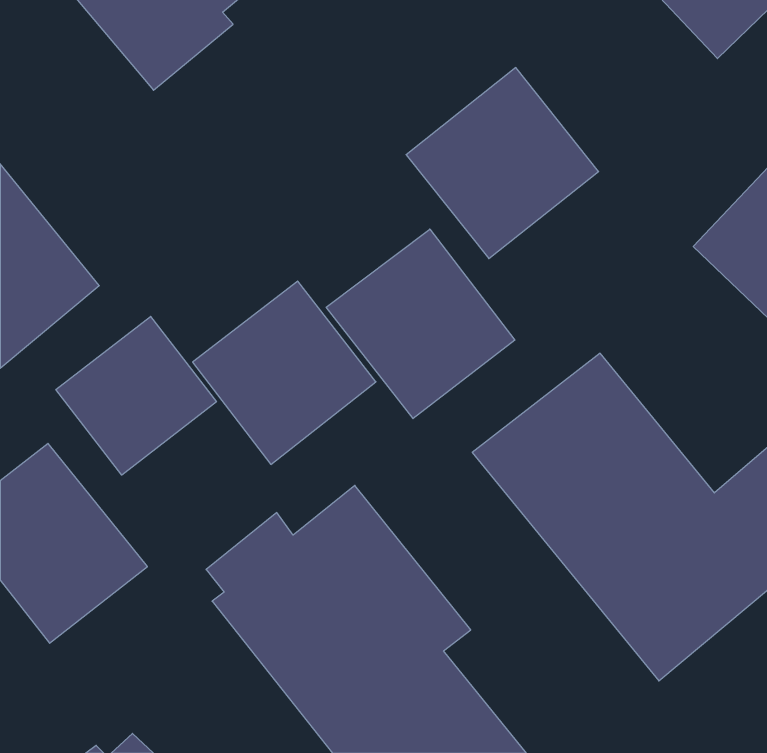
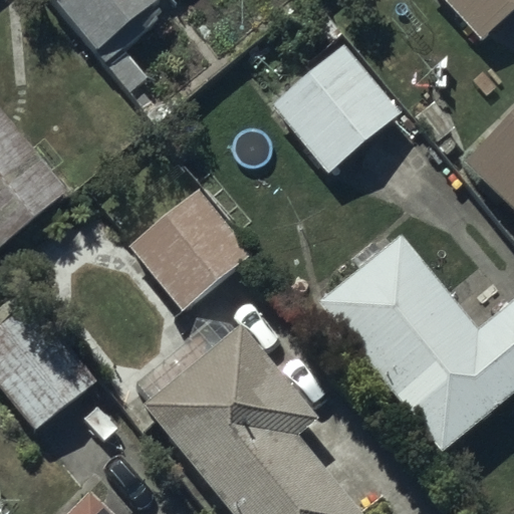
building: [326,229,515,419] -> none
building: [56,316,216,475] -> none

